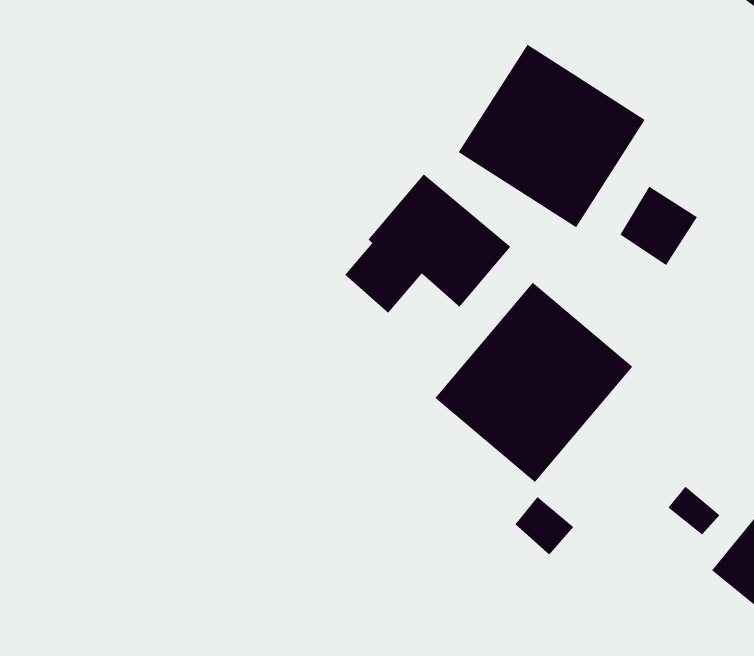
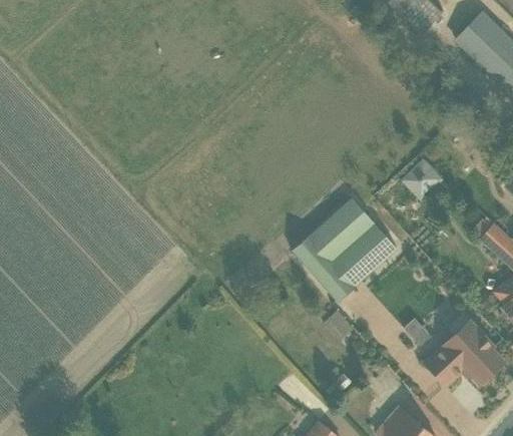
building: [458,44,646,228] -> none
building: [345,173,511,314] -> none

